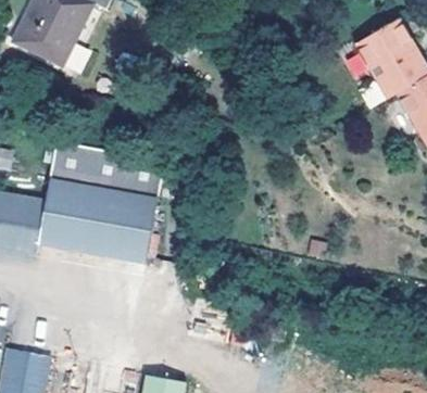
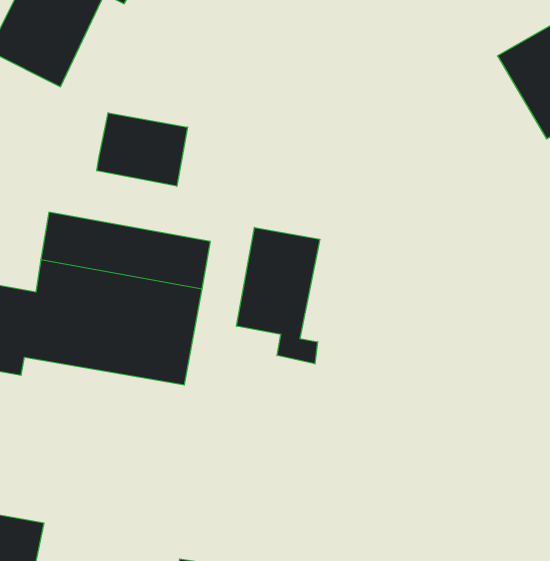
building: none -> [97,113,188,186]
building: none -> [236,227,320,364]

